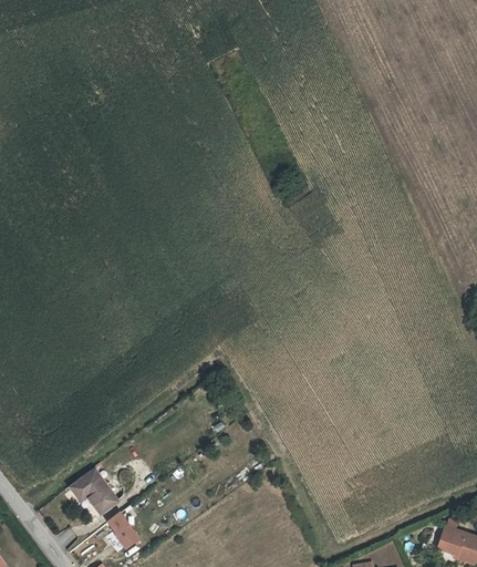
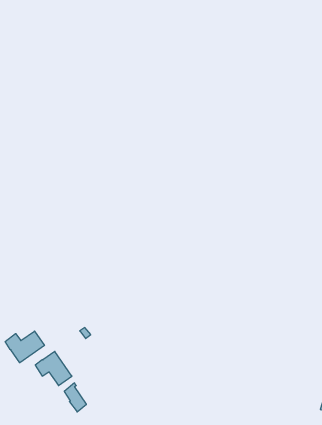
building: none -> [5,331,44,363]

